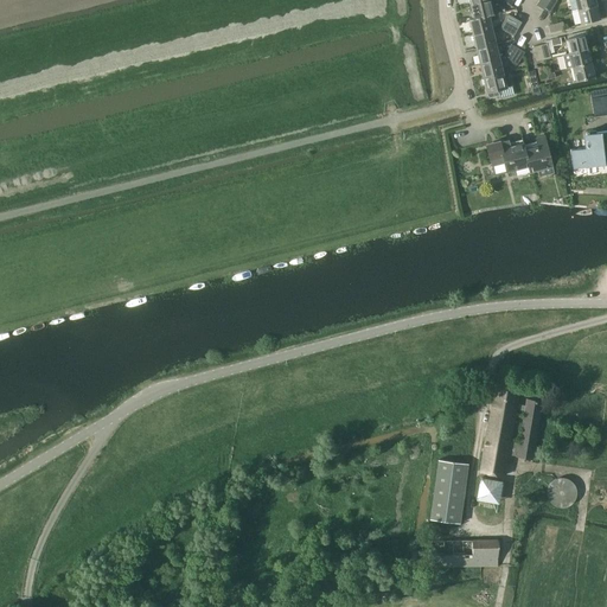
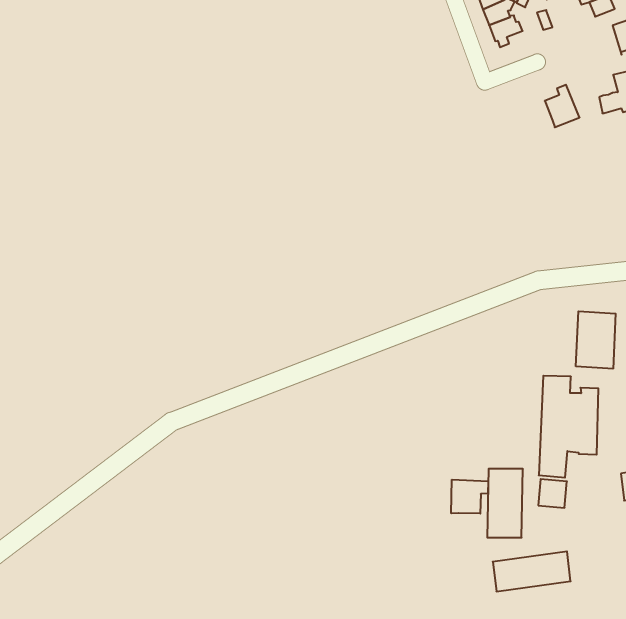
building: [490,140,530,174] -> none
building: none -> [576,311,616,369]
building: none -> [451,480,488,514]

